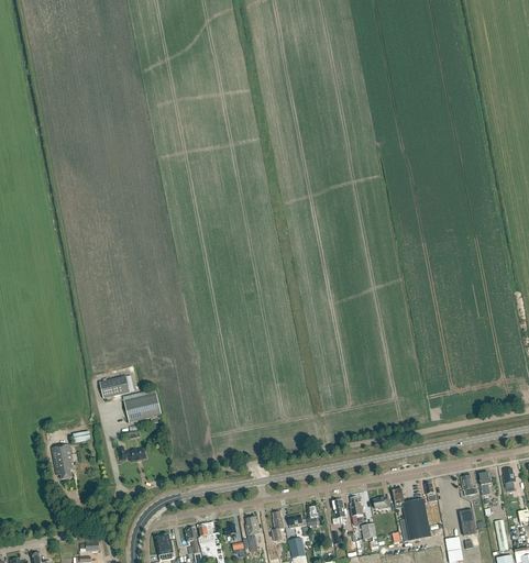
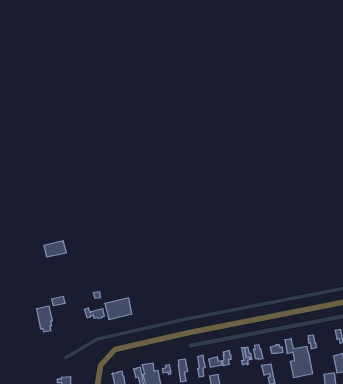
building: [100,375,131,397] -> [44,241,66,257]
building: [124,391,162,421] -> [105,298,132,320]

